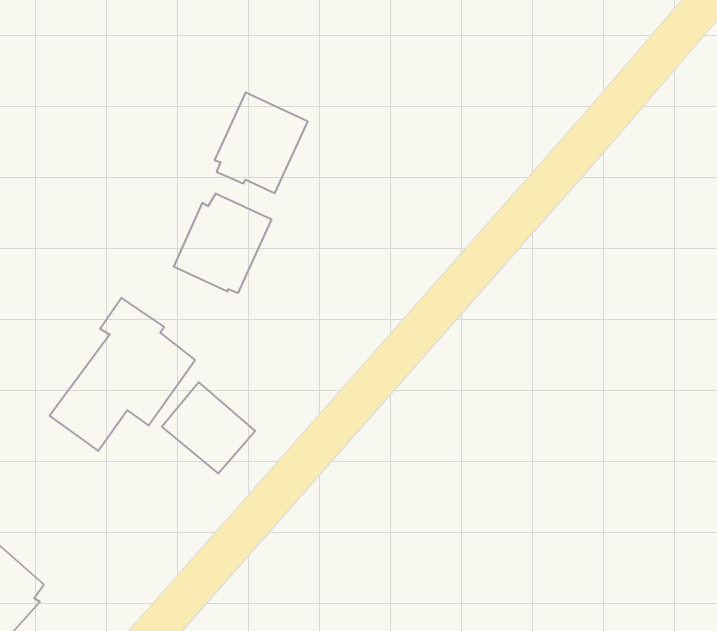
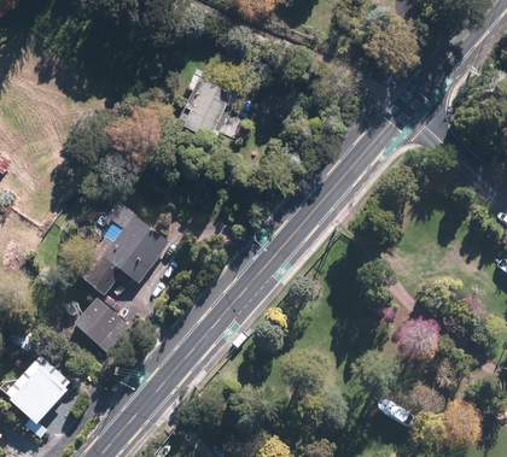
building: [174,193,272,293] -> none
building: [162,382,255,473] -> [76,298,134,355]

